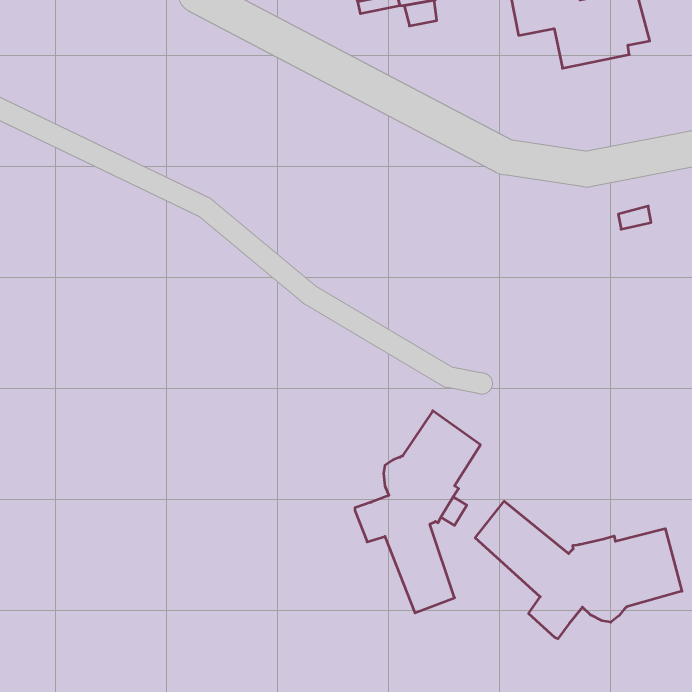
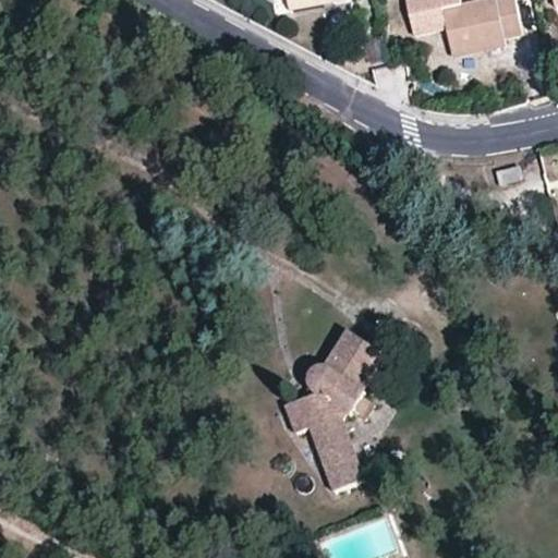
building: [475,501,682,639] -> none

